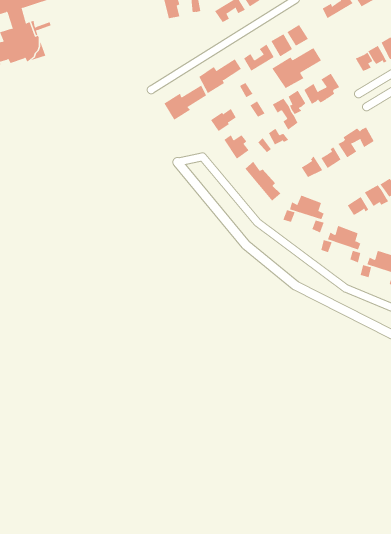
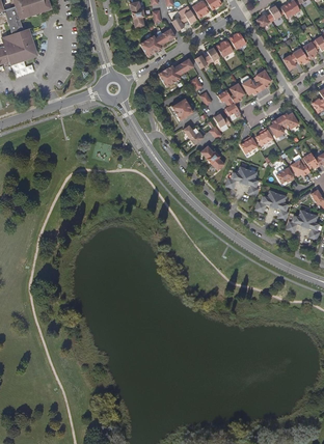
building: [271,47,322,89] -> none
building: [163,85,207,120] -> [140,28,174,56]

